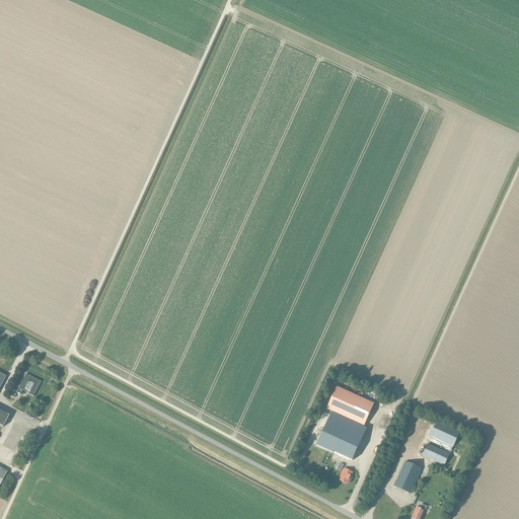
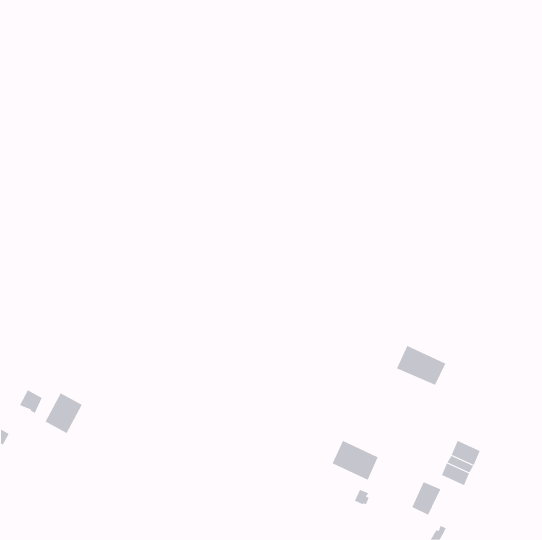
building: none -> [45,392,82,434]
building: [326,385,374,424] -> [396,345,446,386]

